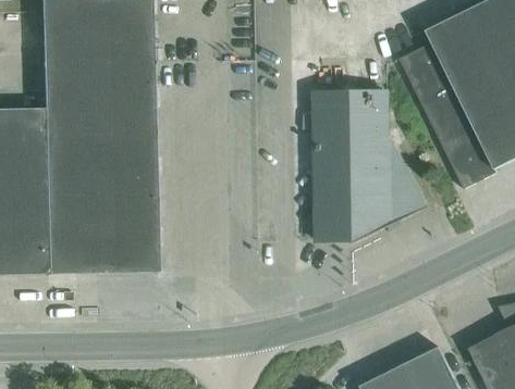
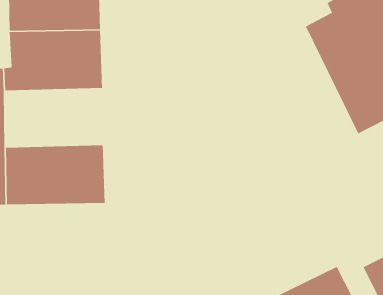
building: [303,90,424,242] -> none
building: [37,133,157,203] -> none

